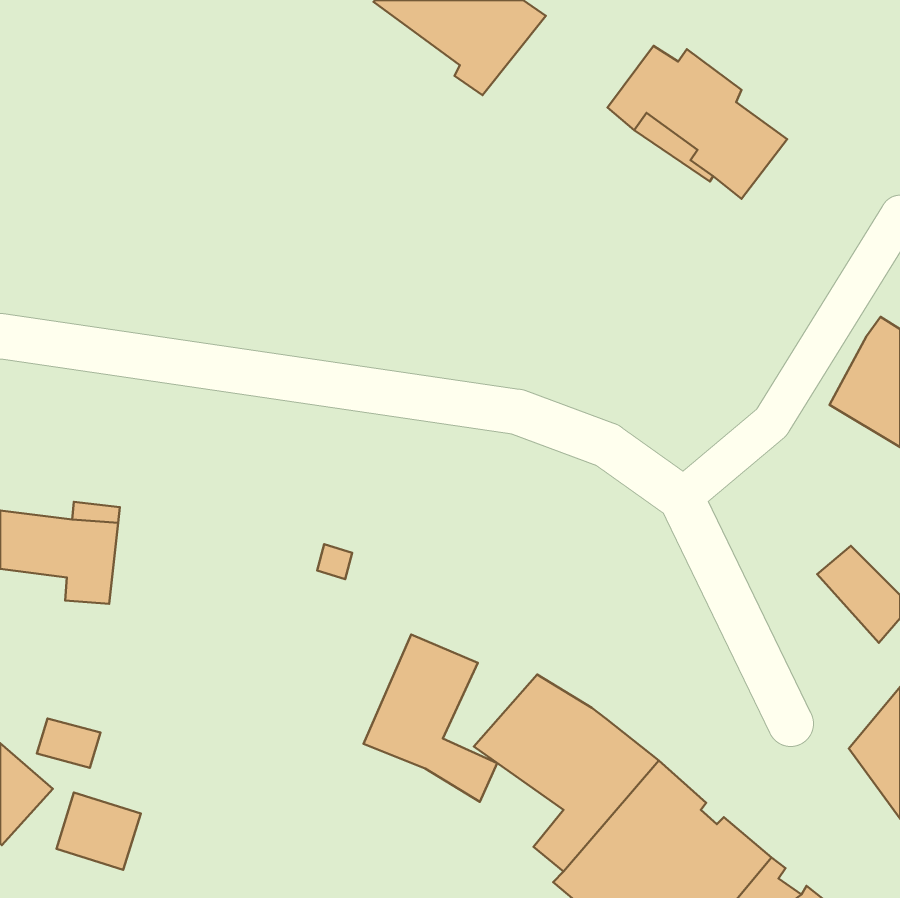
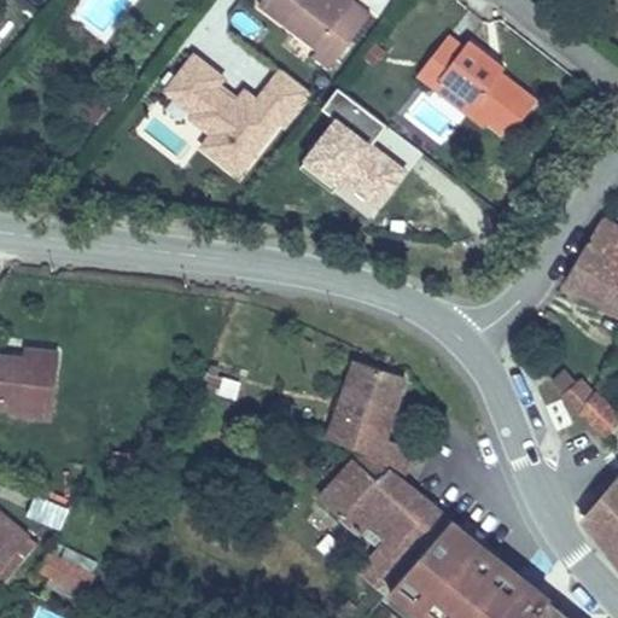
building: none -> [147,51,315,185]
building: none -> [301,84,410,206]
building: [363,635,497,802] -> [326,372,418,486]

